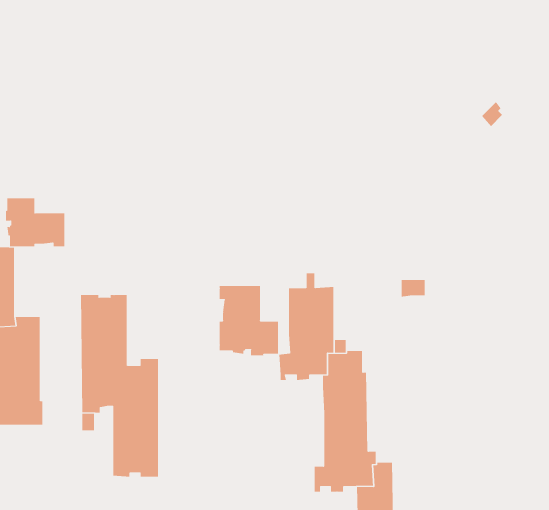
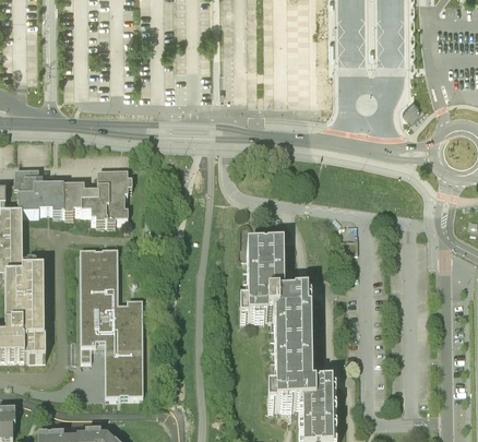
building: none -> [68,170,138,219]
building: [219,285,279,356] -> none

